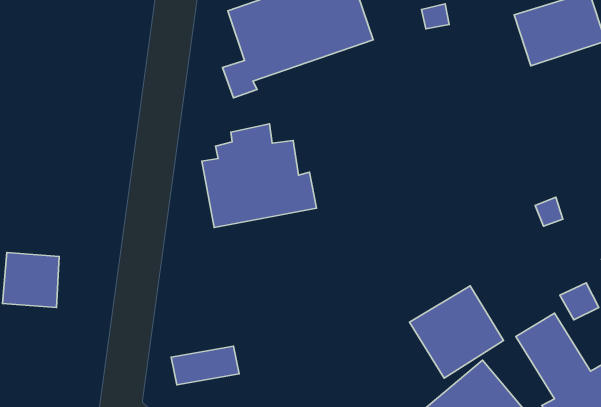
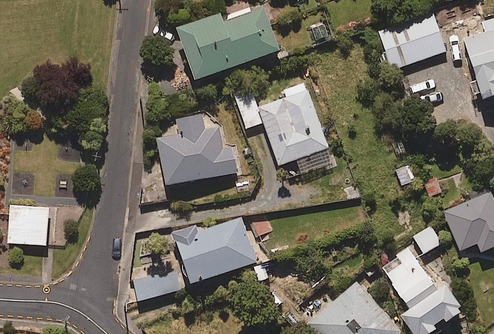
building: none -> [233,82,332,177]
building: none -> [171,217,257,285]
building: [410,286,504,378] -> none

